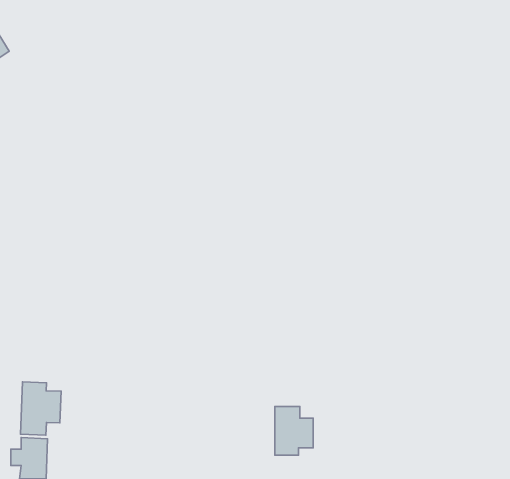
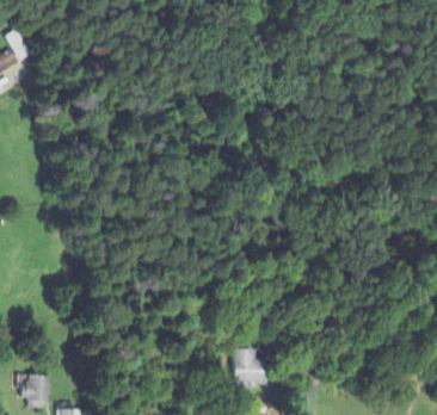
building: [20,382,61,435] -> none

